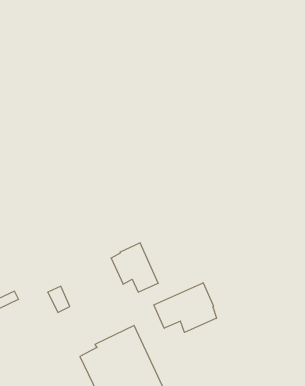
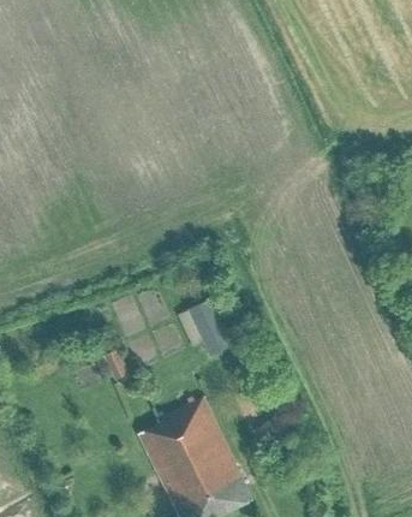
building: [154,283,217,332] -> none

